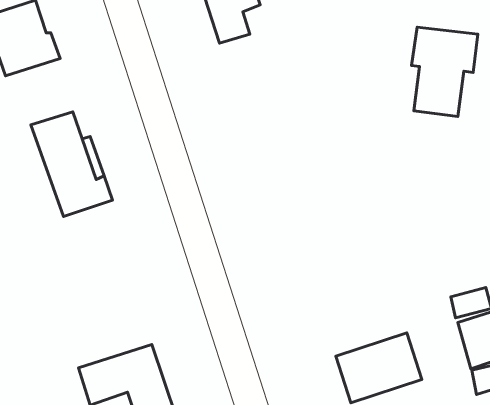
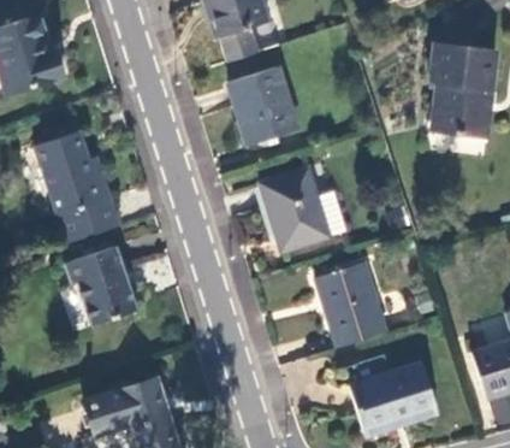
building: none -> [231,66,297,142]
building: none -> [261,167,349,249]
building: none -> [63,244,136,325]
building: none -> [315,264,387,347]

